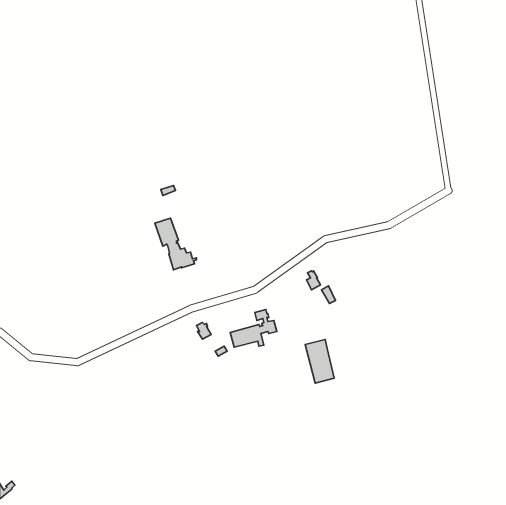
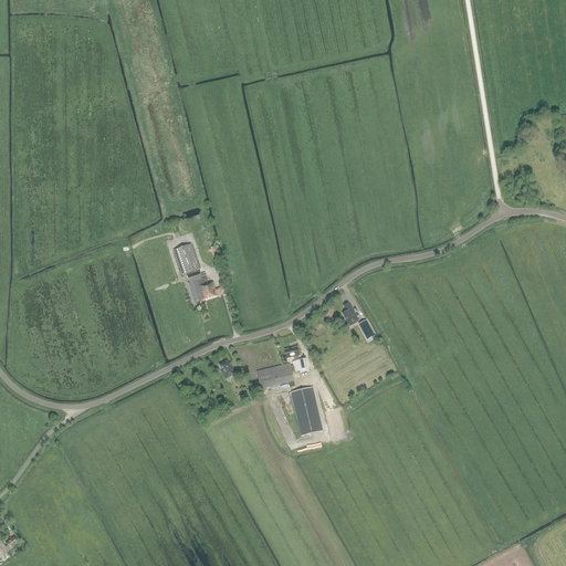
building: [305,339,334,383] -> [290,386,322,434]

